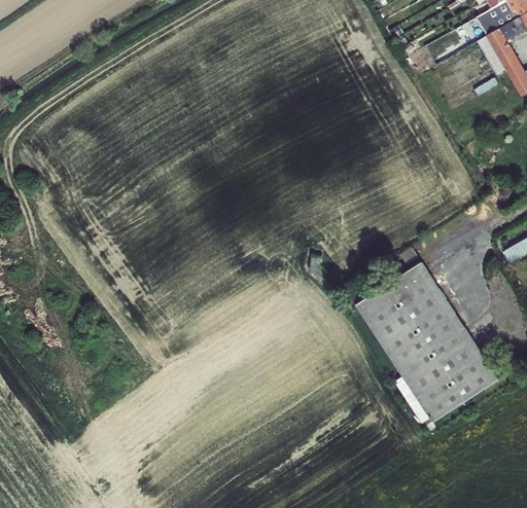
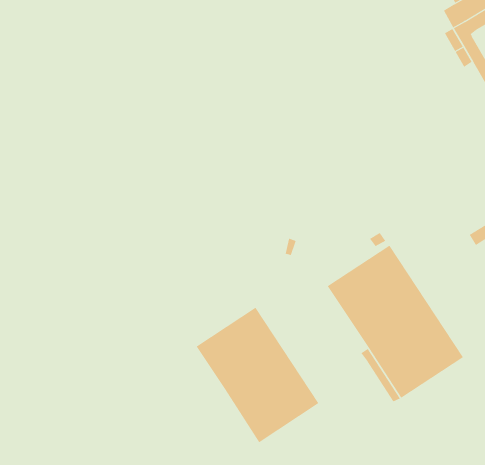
building: none -> [196,307,319,443]

